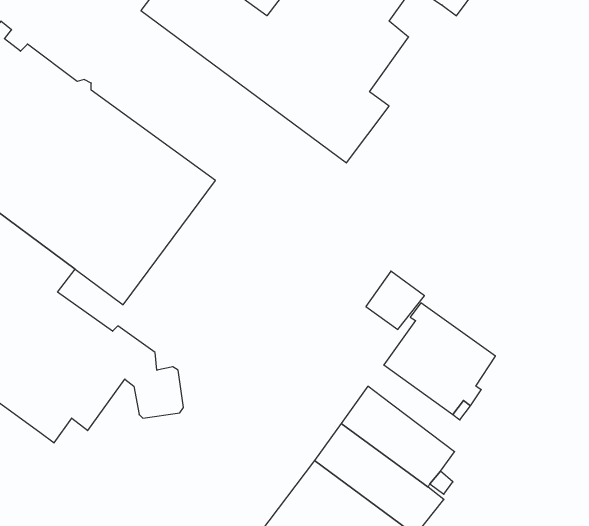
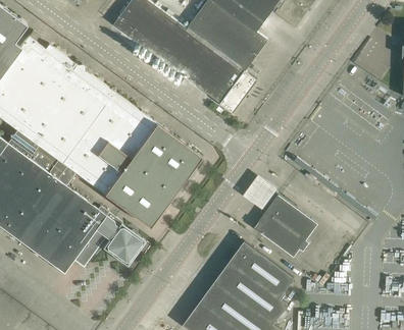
building: none -> [103,122,201,226]

